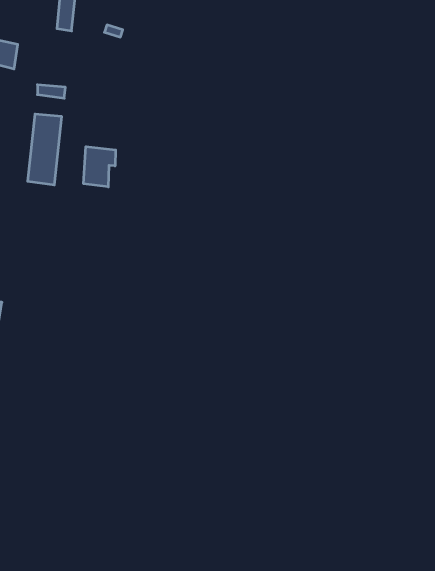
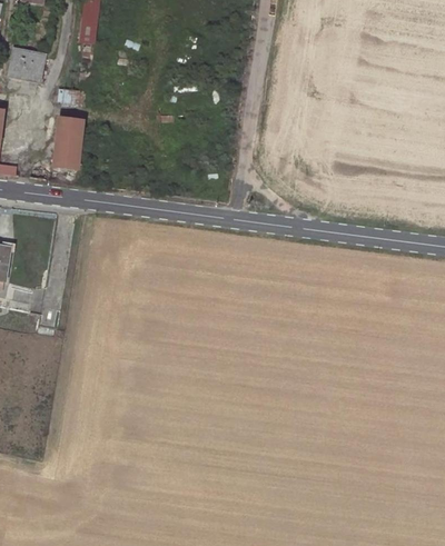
building: [84,147,116,187] -> none

